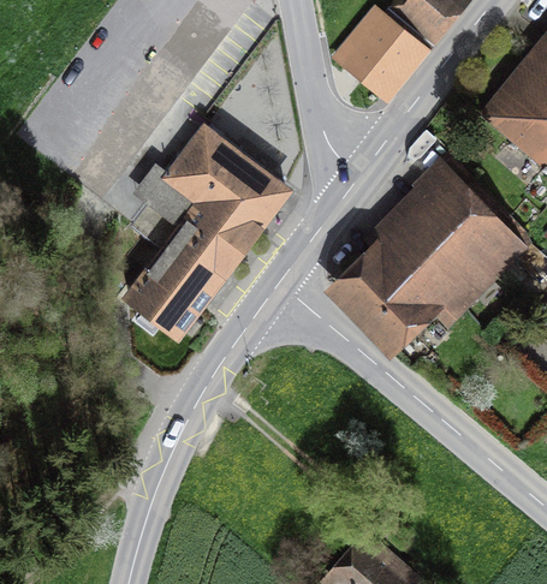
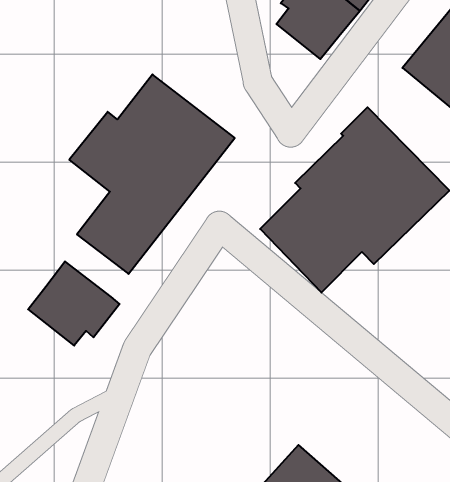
building: none -> [28,261,120,346]

